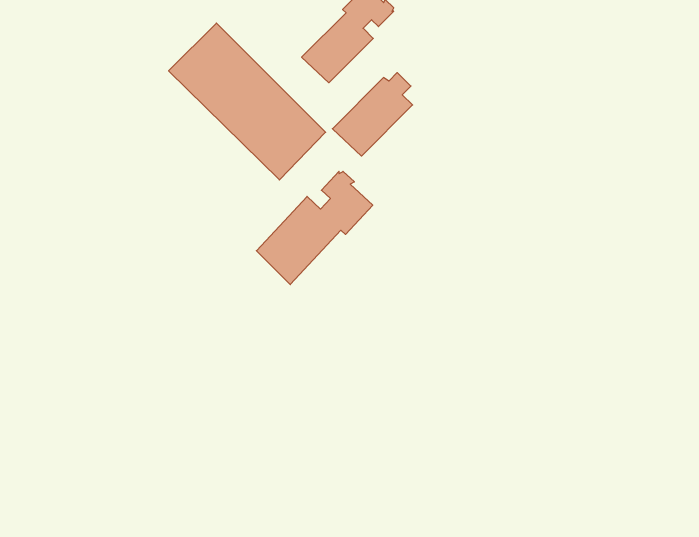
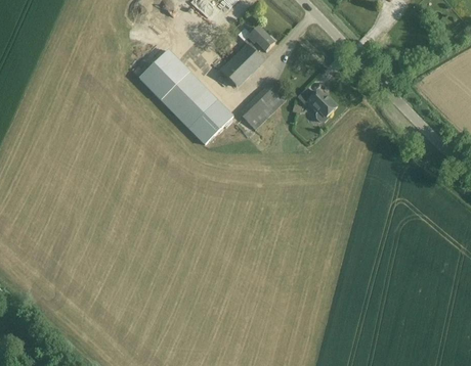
building: none -> [298,89,337,124]
building: [256,171,373,285] -> none

